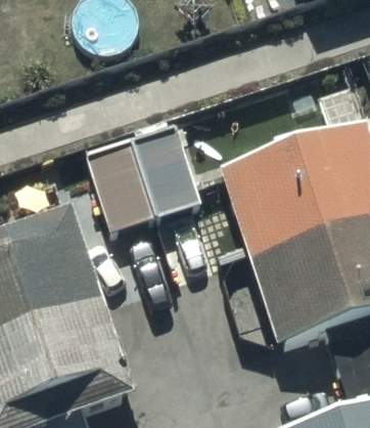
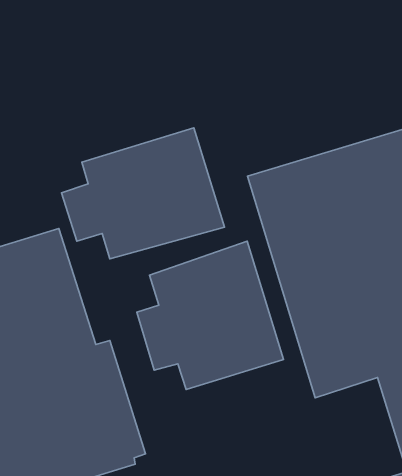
building: none -> [137,241,284,389]

